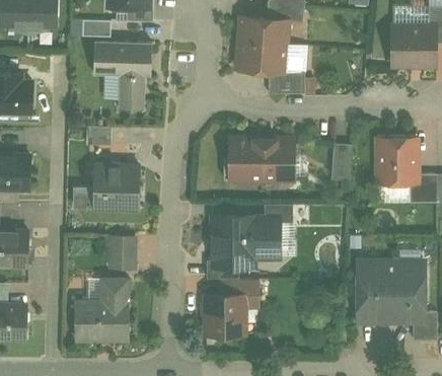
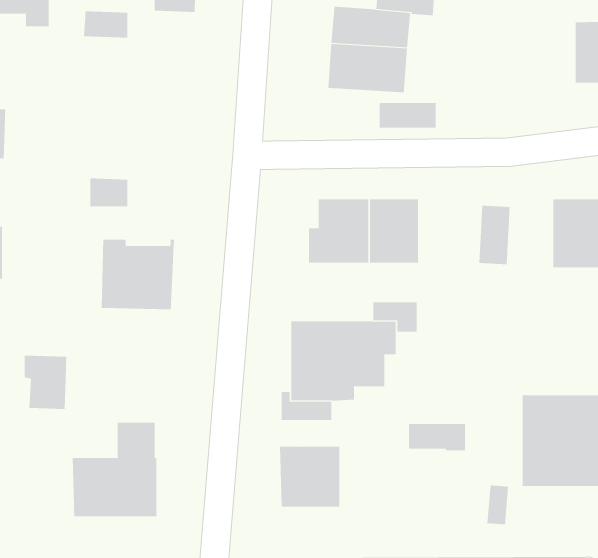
building: [93,41,151,108] -> none
building: [106,235,134,270] -> [24,355,67,410]
building: [220,279,256,296] -> [408,424,466,451]

